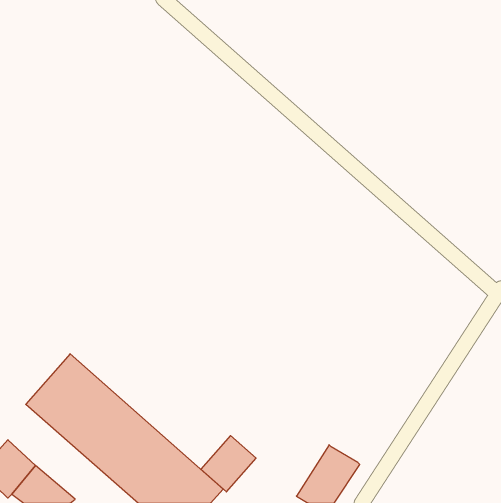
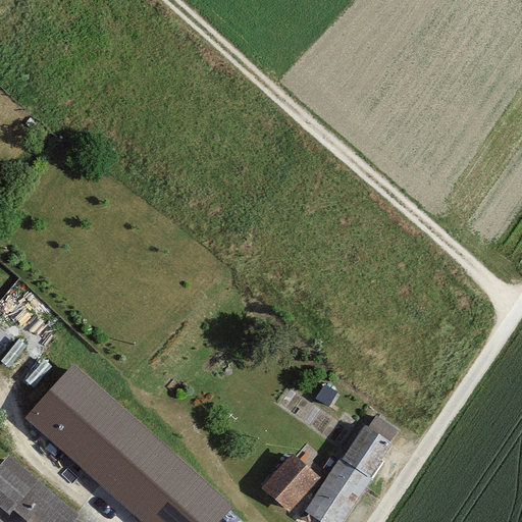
building: none -> [342,417,395,477]
building: [201,436,256,492] -> [261,455,318,513]

